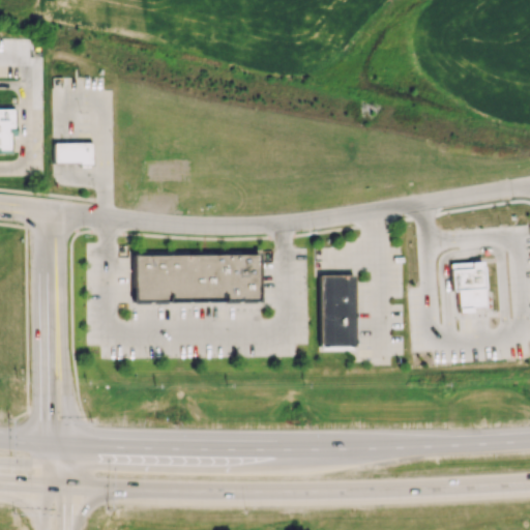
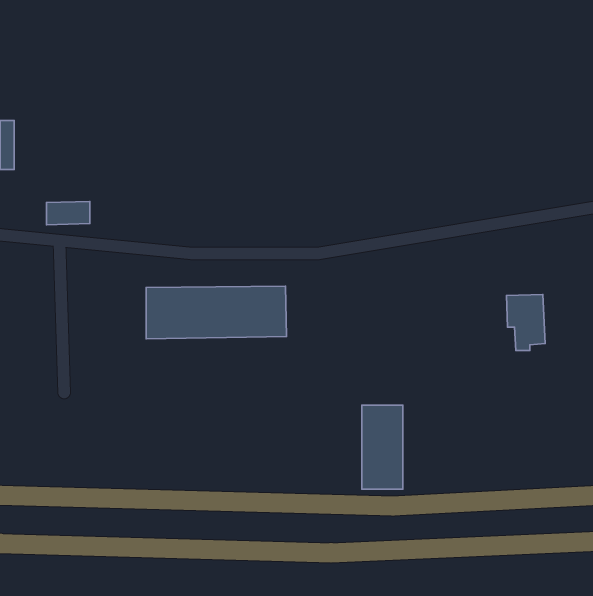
building: [56,140,94,160] -> [47,201,90,225]
building: [321,272,357,347] -> [362,405,403,489]

